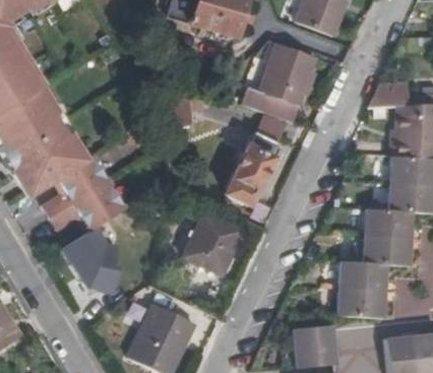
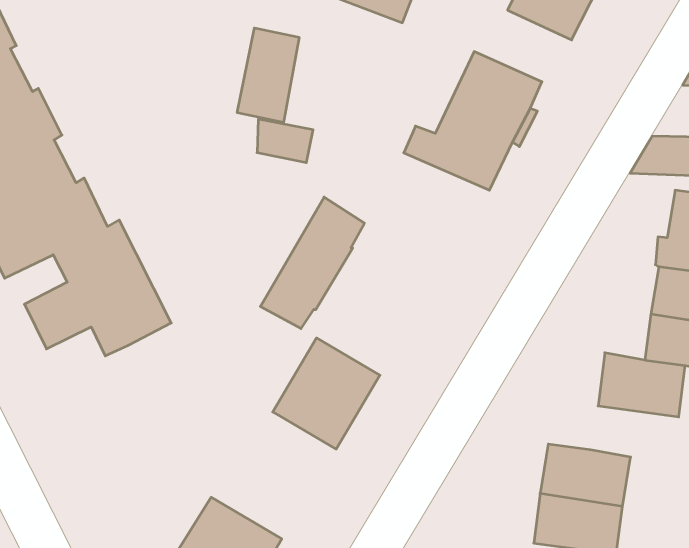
building: none -> [237,28,299,123]
building: [228,130,281,203] -> [260,197,364,329]
building: [63,232,119,299] -> none
building: [362,235,409,263] -> none

